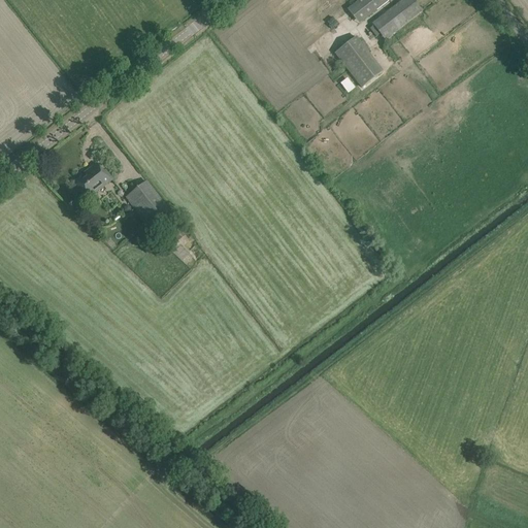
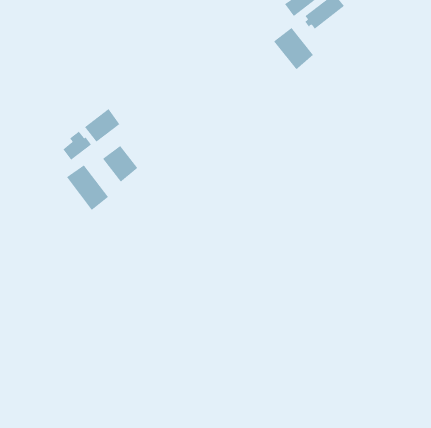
building: none -> [84,108,120,143]
building: none -> [66,165,109,211]

